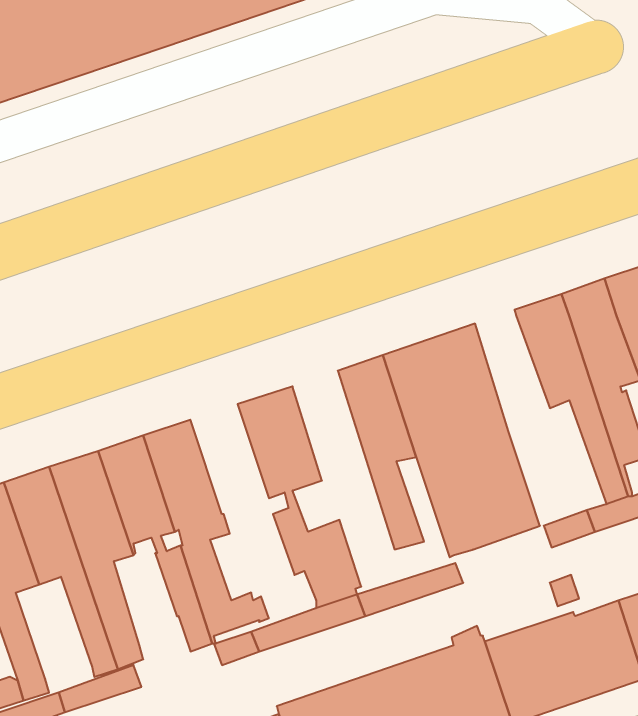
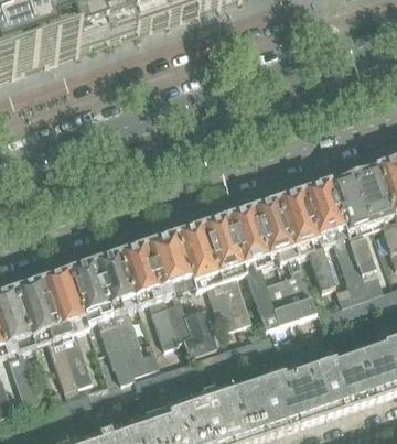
building: none -> [278,188,333,286]
building: none -> [175,223,233,327]
building: none -> [118,241,178,345]

